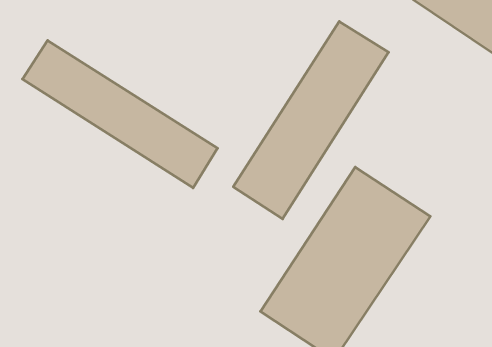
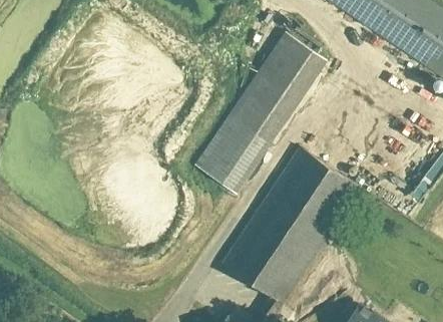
building: [22,40,218,188] -> none

